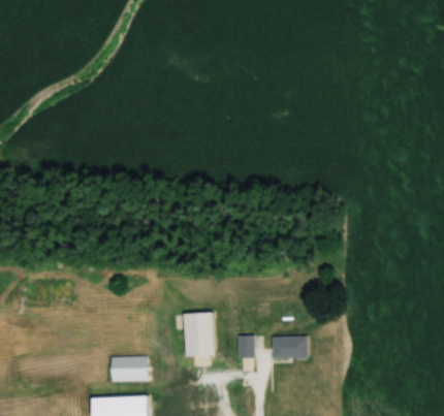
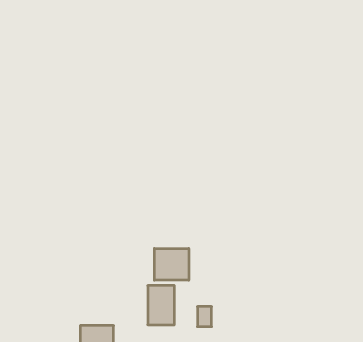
building: none -> [154,248,189,280]
building: [272,335,308,358] -> none

